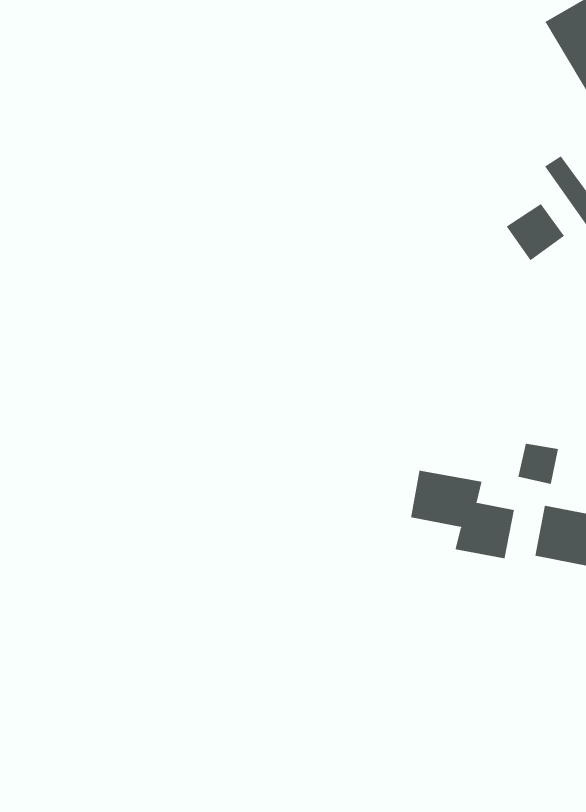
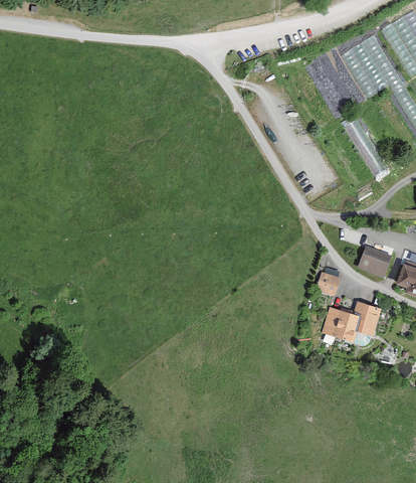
building: [506,203,565,261] -> none
building: [410,470,515,559] -> none

